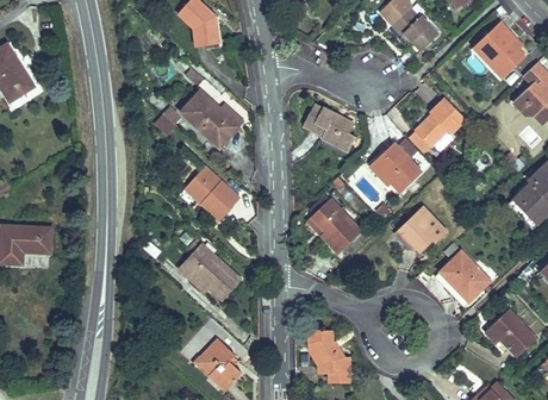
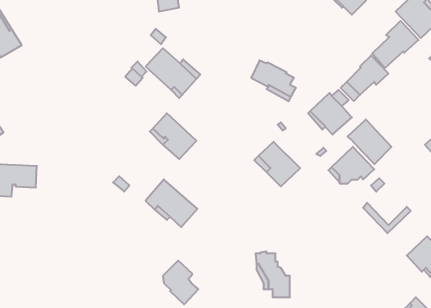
building: none -> [372,21,419,68]
building: none -> [348,119,391,164]
building: [440,251,486,298] -> none

